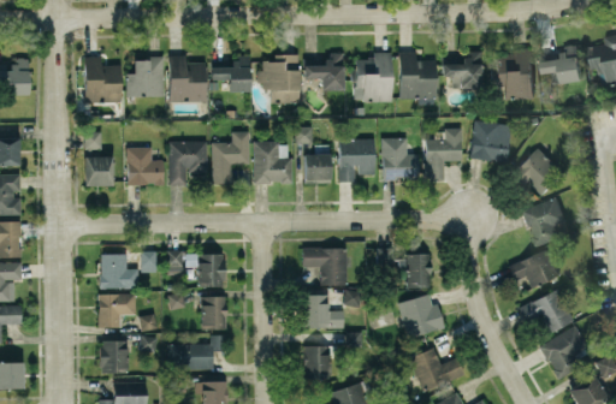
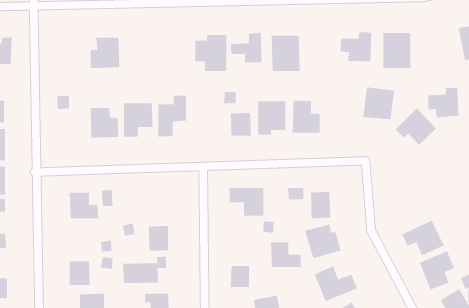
building: [541,44,581,83] -> [428,87,459,118]
building: [398,52,437,99] -> none
building: [211,54,250,91] -> none
building: [83,55,120,103] -> none
building: [168,55,206,101] -> none
building: [425,127,462,180] -> none
building: [254,142,291,184] -> none
building: [84,156,113,186] -> none
building: [523,198,564,245] -> none
building: [509,250,558,286] -> none
building: [167,252,225,286] -> none
building: [97,293,136,327] -> none
building: [303,295,343,327] -> [270,242,302,267]

